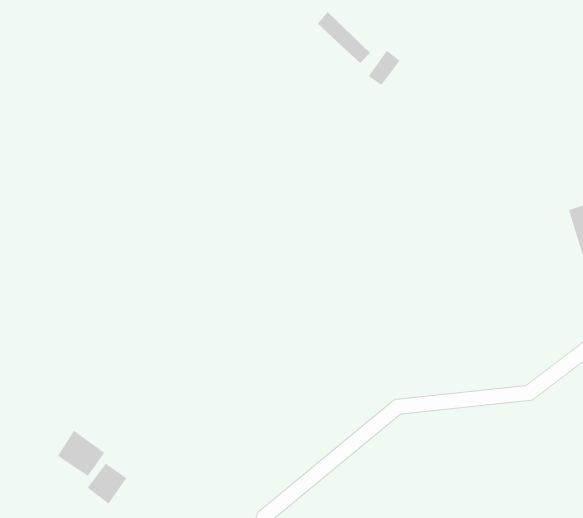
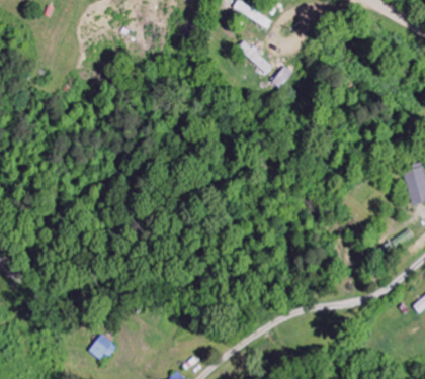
building: [57,430,105,477] -> none

